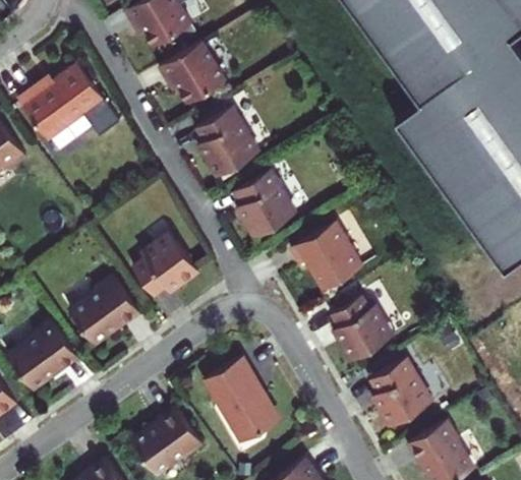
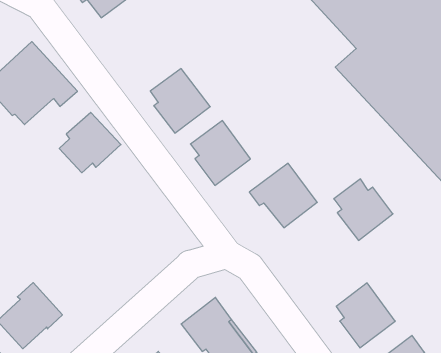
building: [158,39,229,103] -> none
building: [131,233,197,296] -> [59,112,121,173]
building: [69,275,139,344] -> none
building: [335,293,396,358] -> [334,179,393,240]

